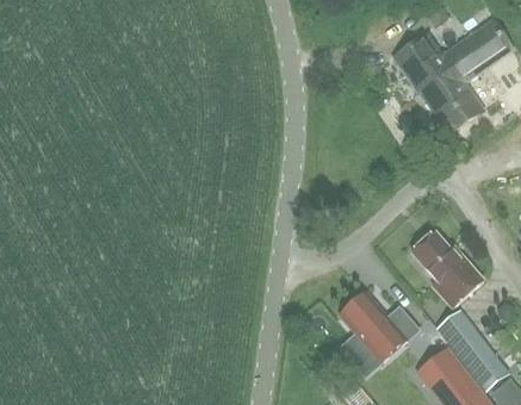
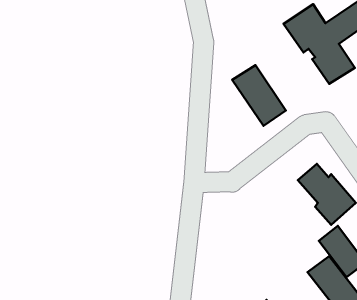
building: none -> [232,65,286,126]
building: [340,292,416,372] -> none

